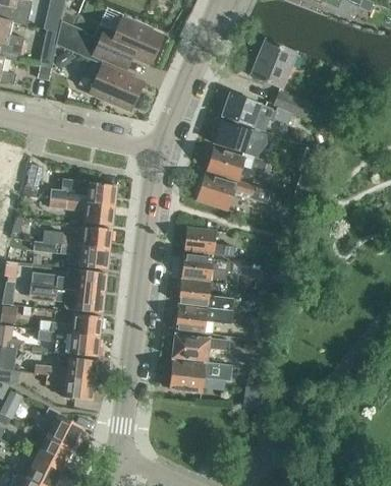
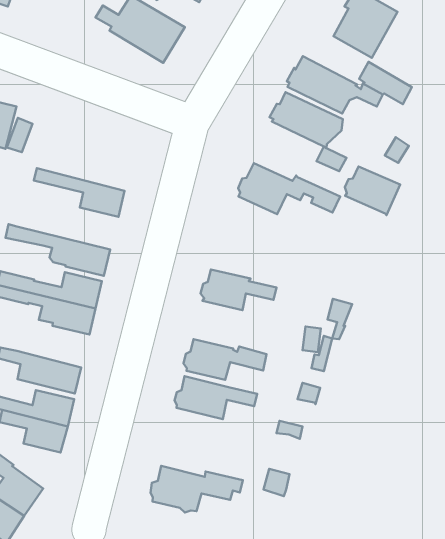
building: [205,147,244,180] -> [345,166,400,215]
building: [49,179,116,205] -> none
building: [40,226,111,249] -> none
building: [182,227,234,255] -> none
building: [176,279,233,310] -> none
building: [51,313,101,337] -> none
building: [166,361,231,392] -> [151,466,243,513]

